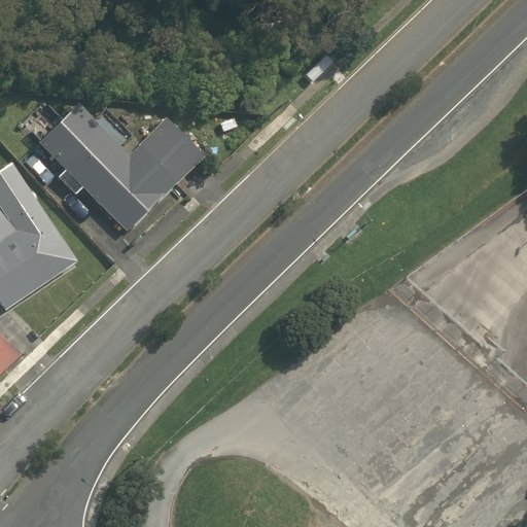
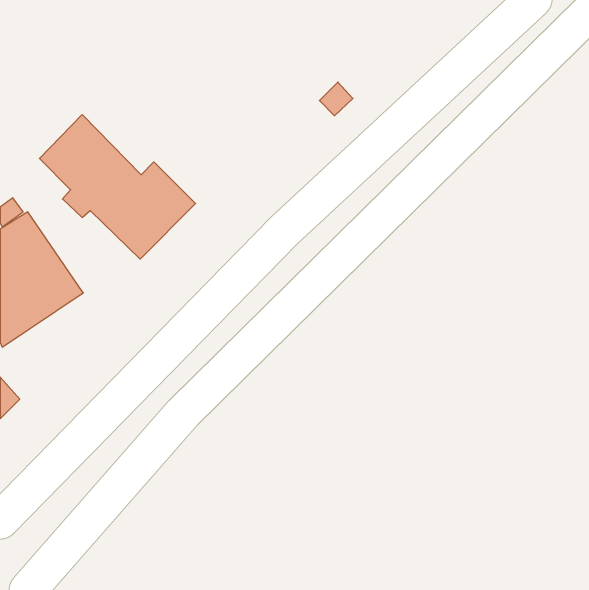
building: [139,116,205,182] -> none

